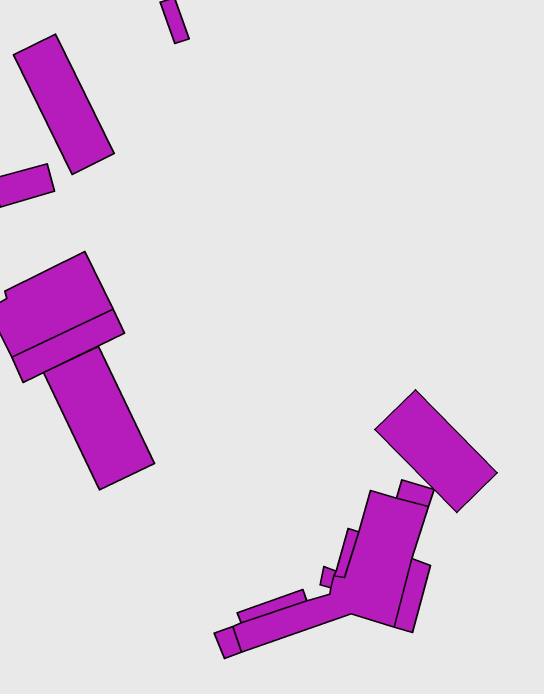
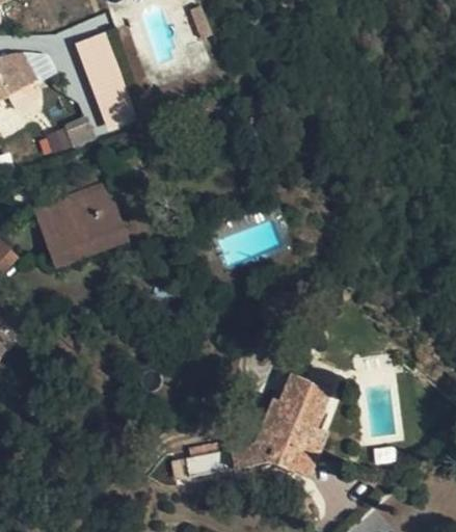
building: [43,346,154,490] -> none
building: [375,390,497,513] -> none

